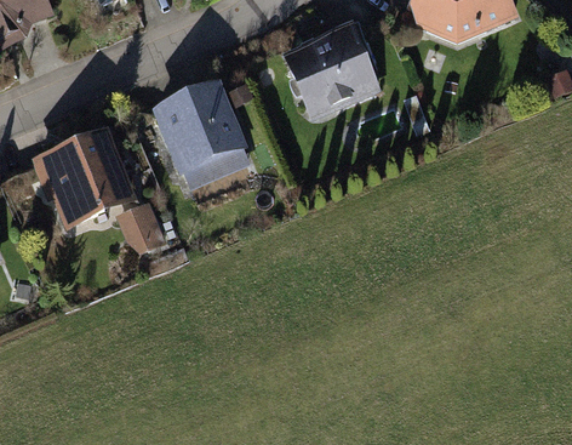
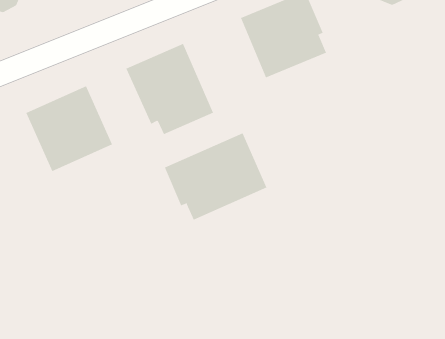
building: none -> [164,132,267,220]
building: [116,200,165,251] -> none

